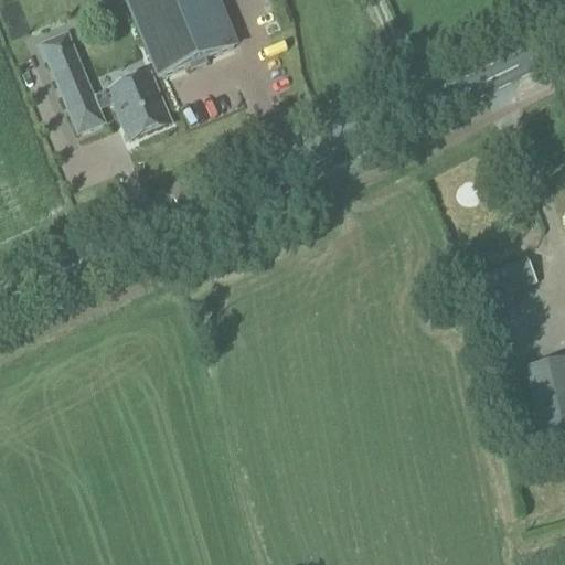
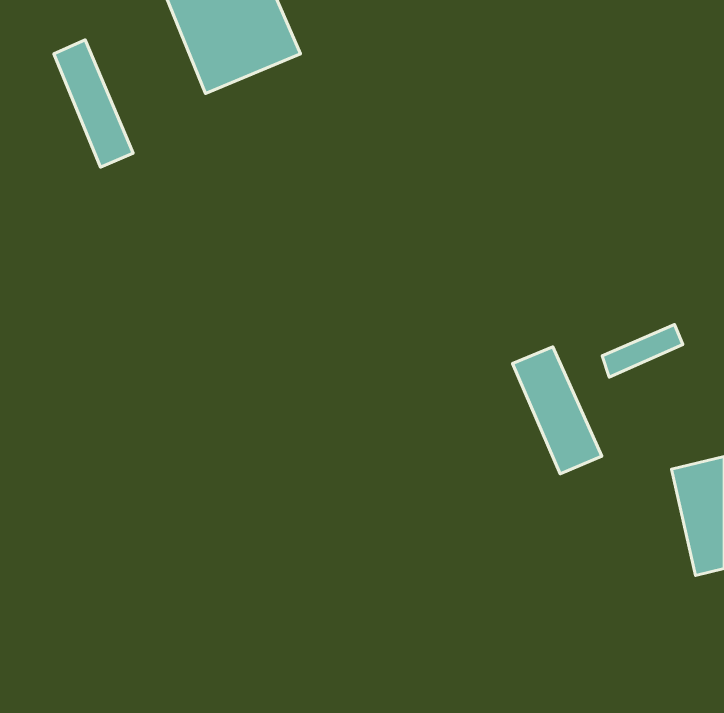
building: [109,70,171,137] -> none
building: none -> [512,347,602,474]

